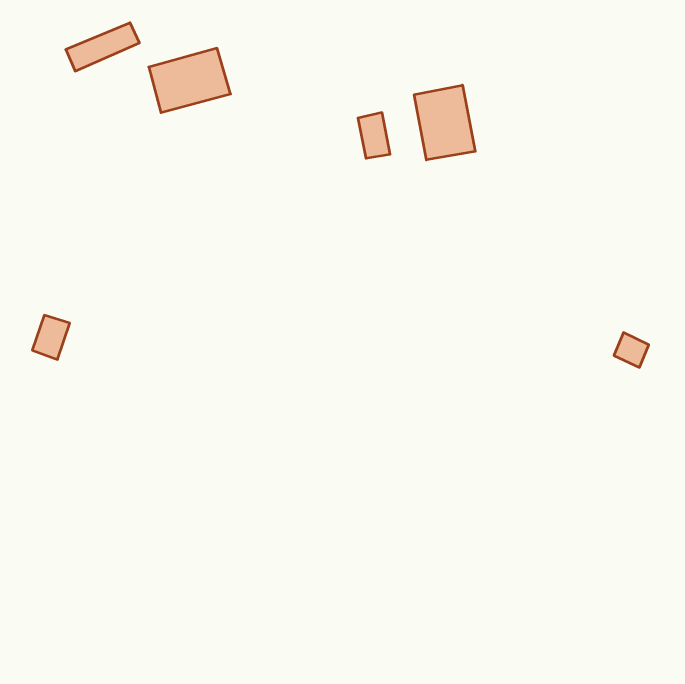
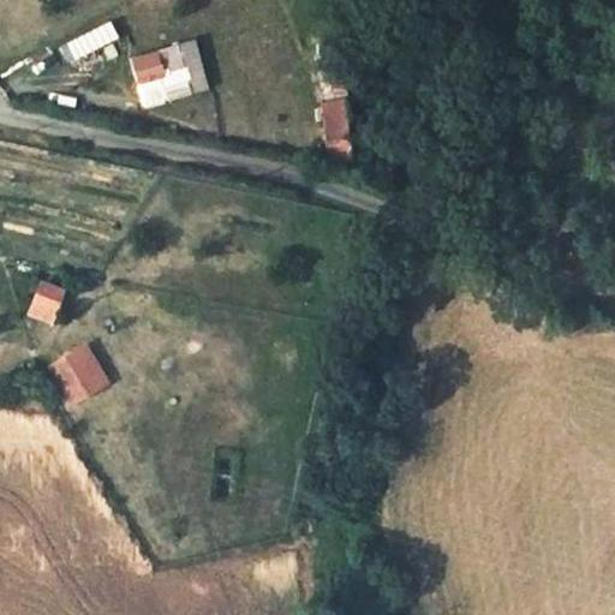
building: [414,85,475,160] -> none
building: none -> [48,340,111,402]

